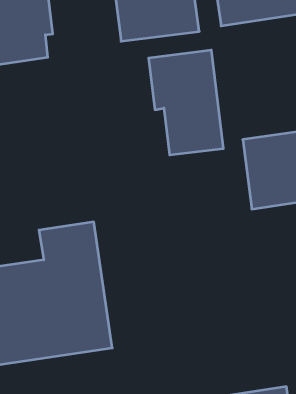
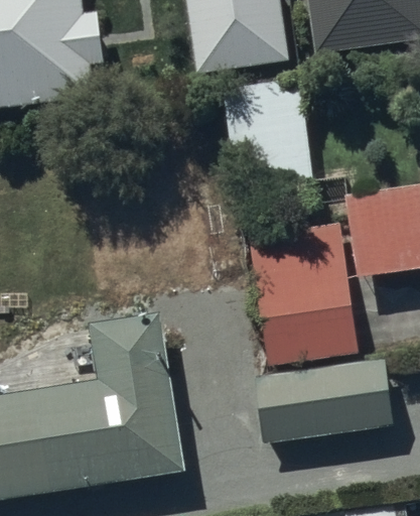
building: none -> [249,233,358,365]
building: none -> [254,363,395,447]

